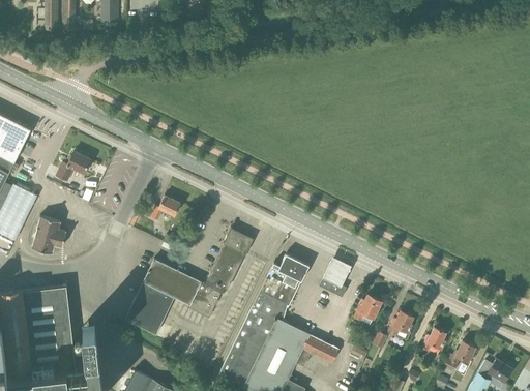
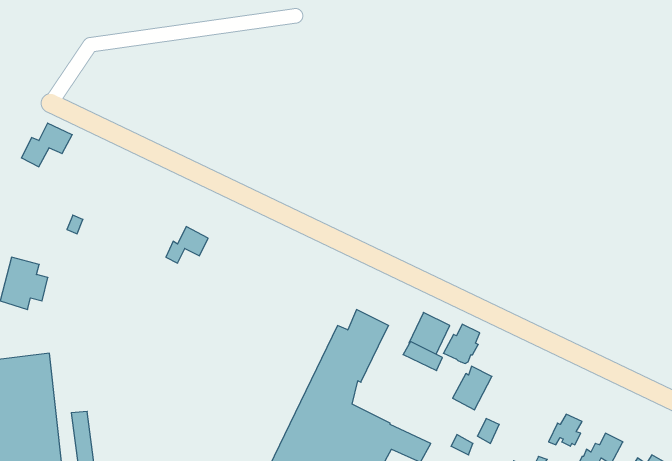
building: [55,151,91,182] -> [21,123,72,167]
building: [125,227,254,333] -> none
building: [387,310,413,338] -> [443,324,480,363]

